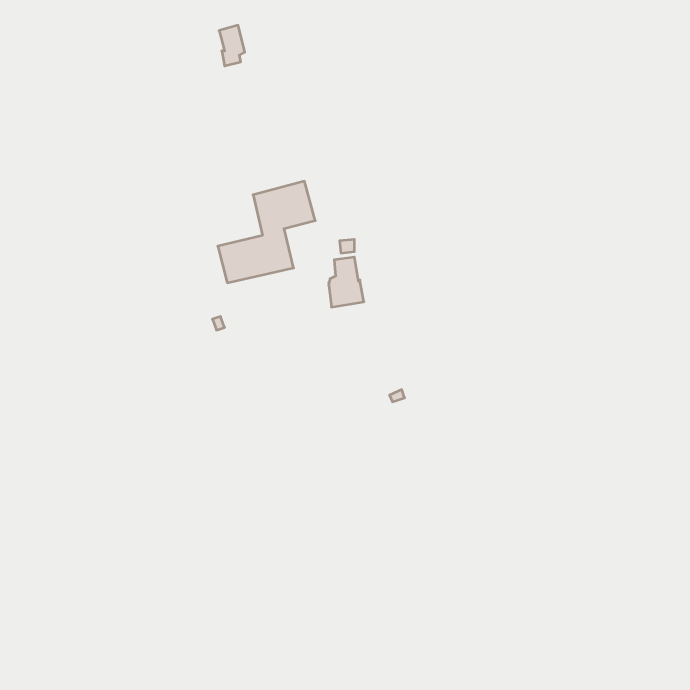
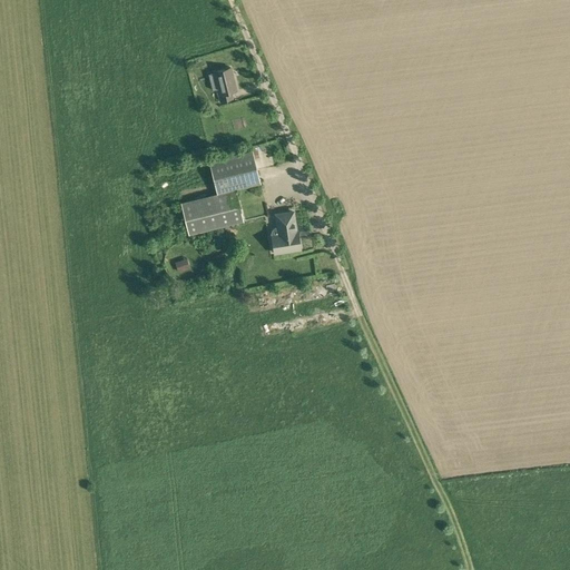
building: [219,25,245,66] -> [214,68,235,101]

